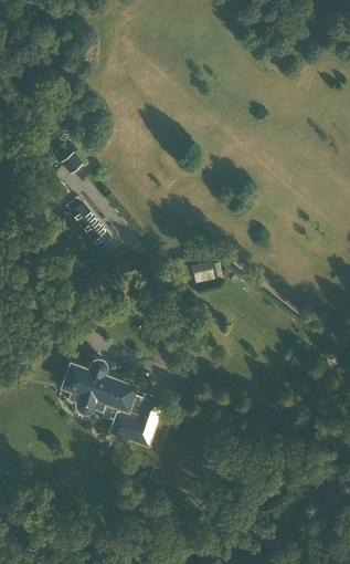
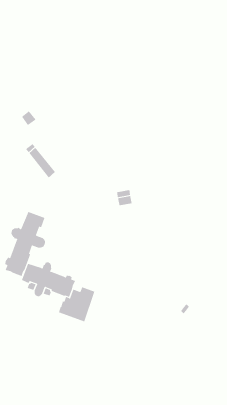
building: none -> [5,211,46,277]

